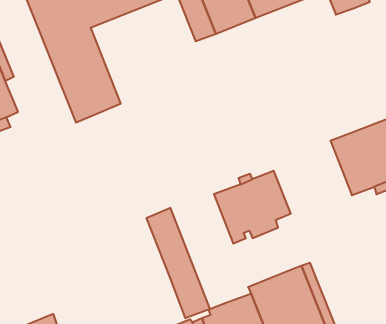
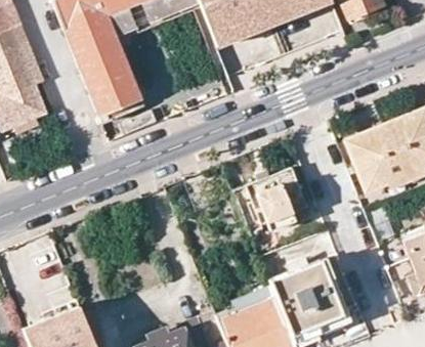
building: [147,208,210,318] -> none

